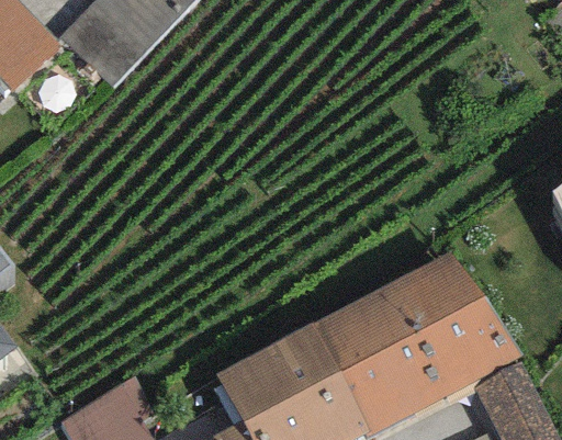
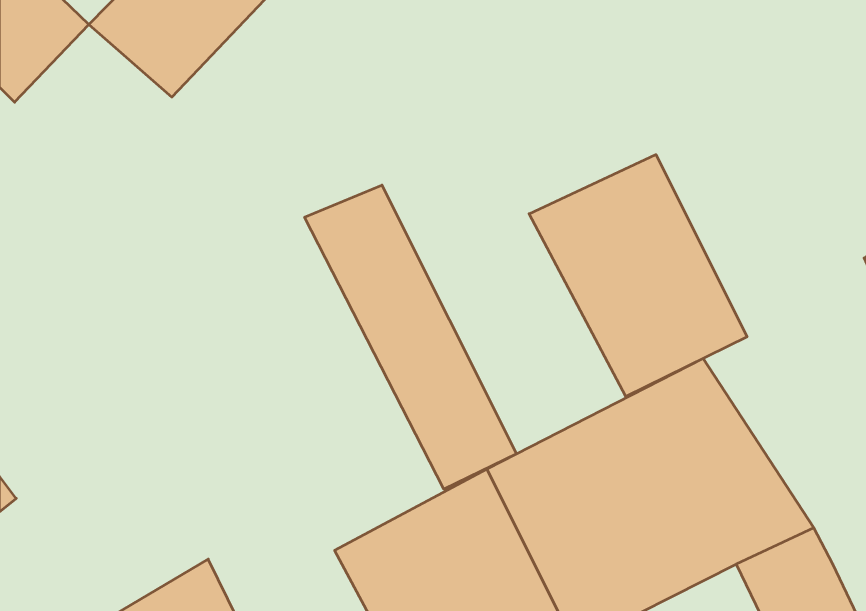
building: none -> [529,155,747,396]
building: none -> [305,185,516,489]

